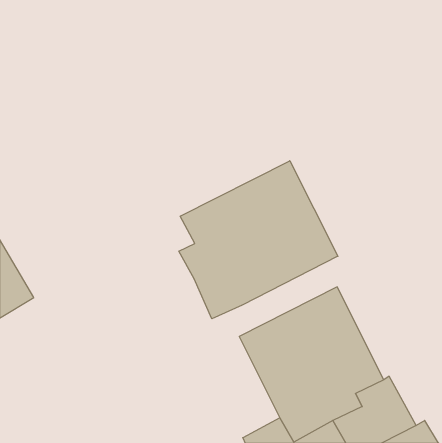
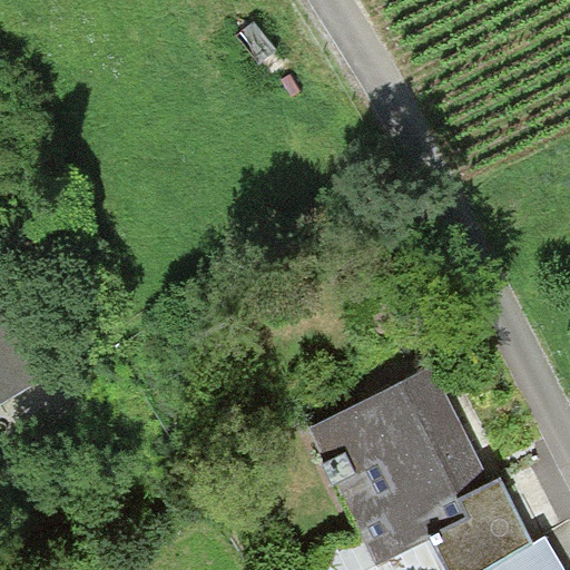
building: [179,161,338,319] -> none

